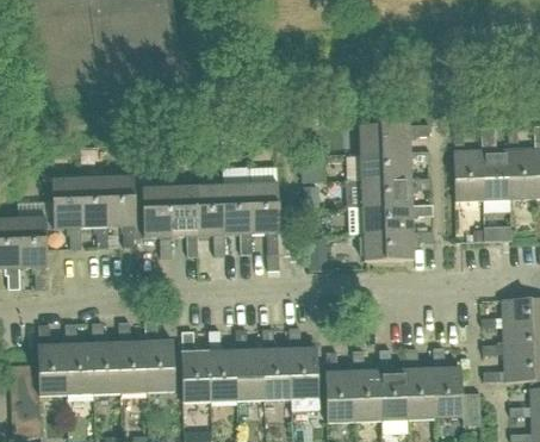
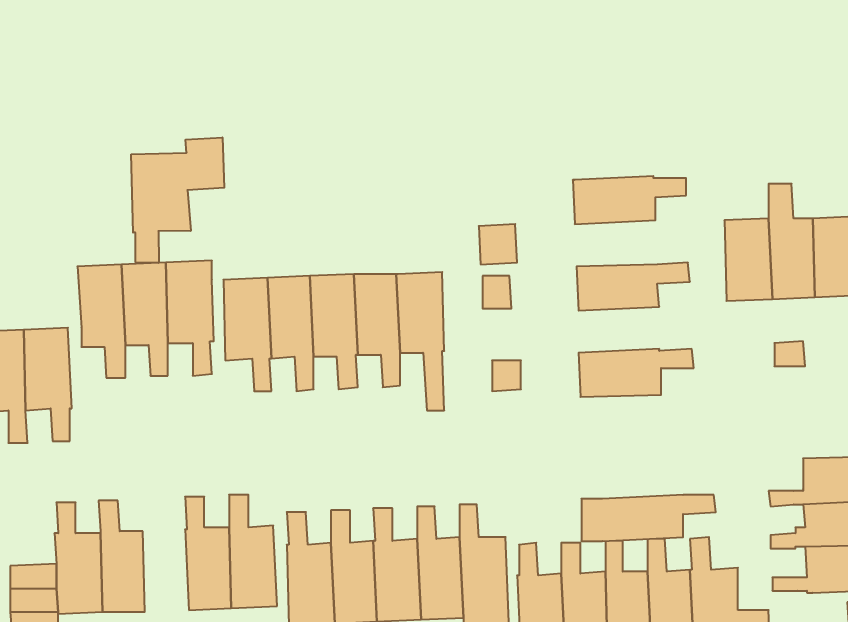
building: none -> [131,137,224,263]
building: [360,150,430,179] -> none
building: [349,204,433,232] -> [581,495,716,541]
building: [92,323,120,393] -> none

